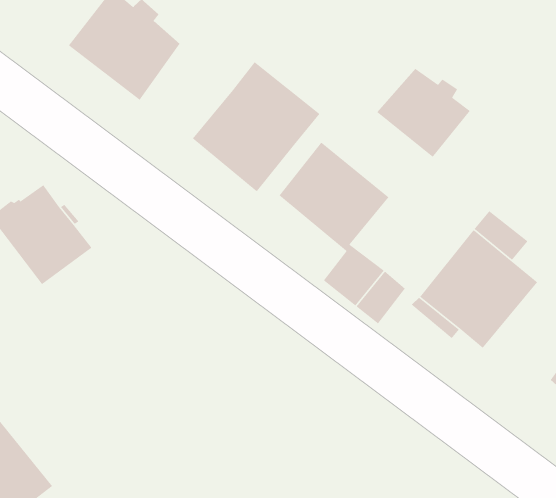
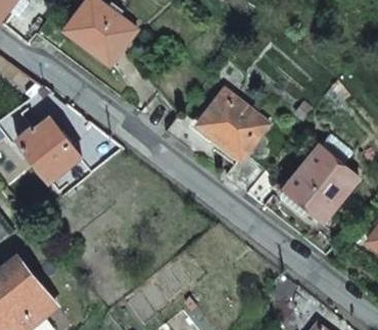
building: [192,61,321,192] -> none
building: [376,68,471,158] -> none

